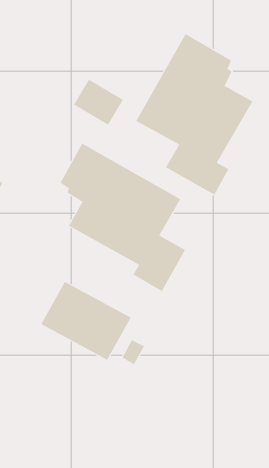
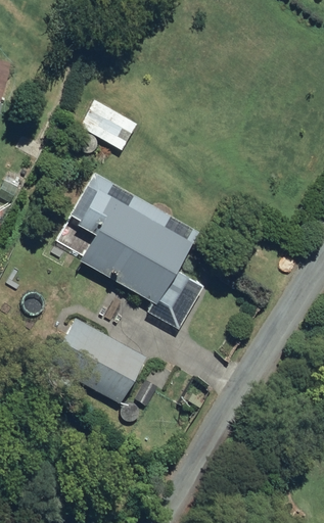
building: [136,33,253,195] -> none

